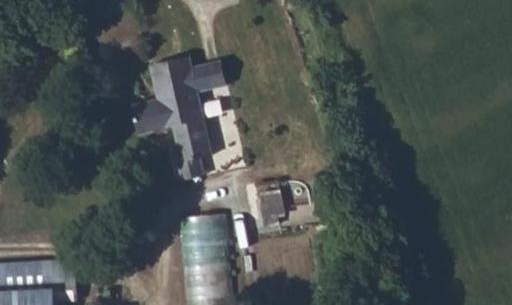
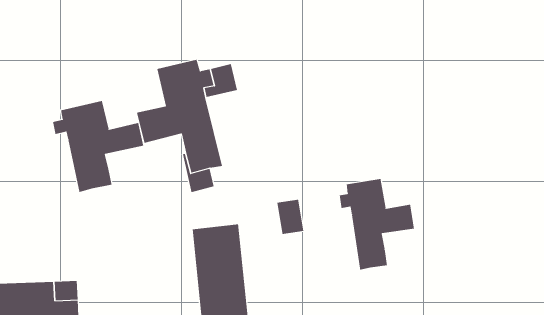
building: none -> [52,100,144,193]
building: none -> [339,178,415,270]

